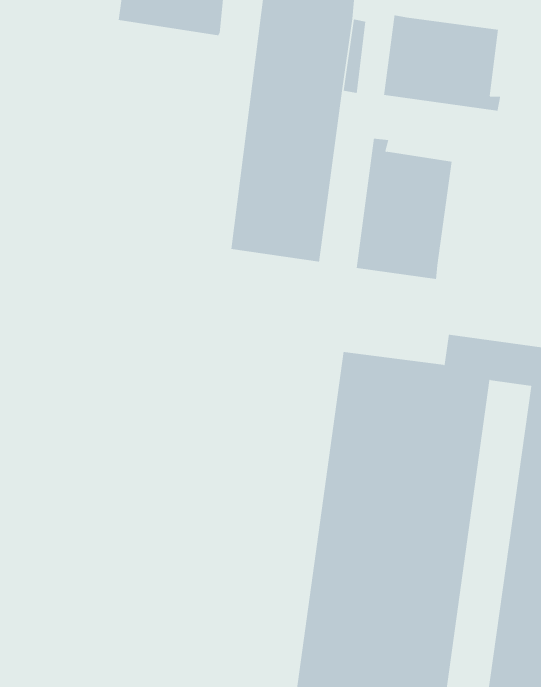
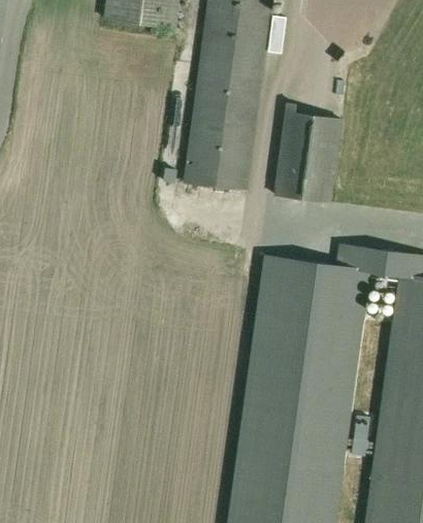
building: [383,14,501,112] -> none

